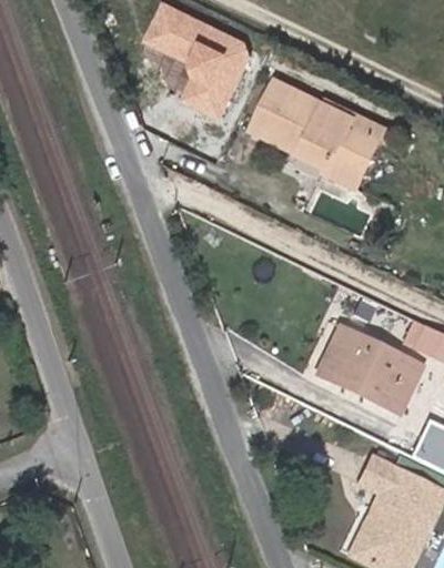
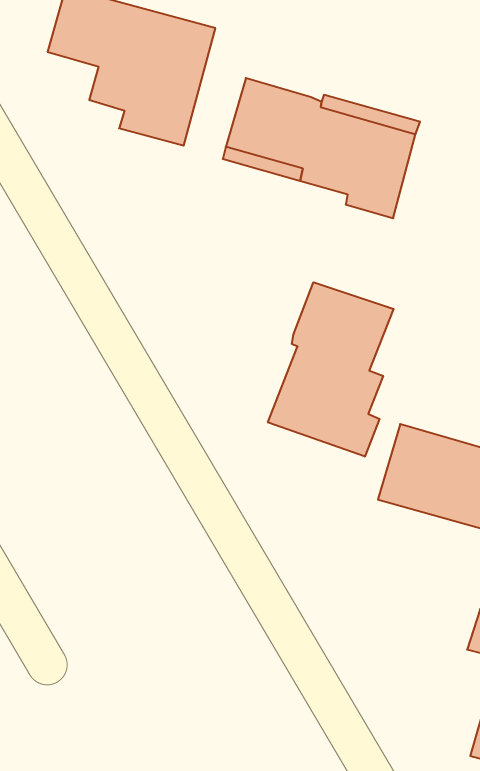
building: none -> [268,282,394,457]

